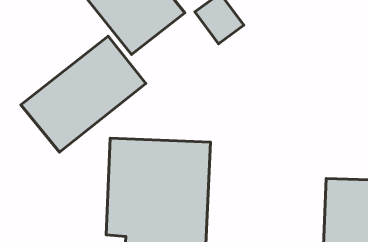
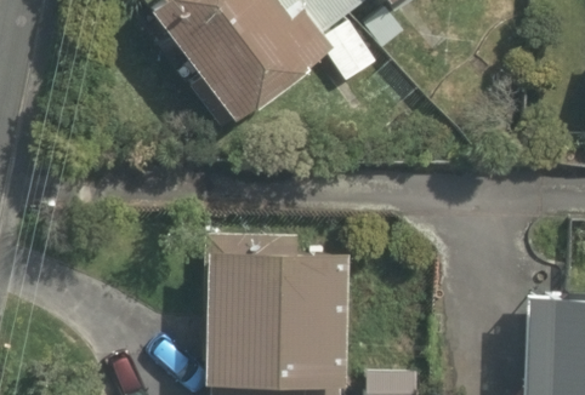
building: [21,36,146,152] -> none

